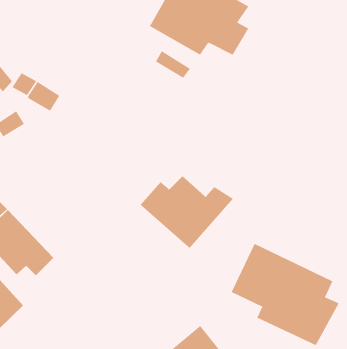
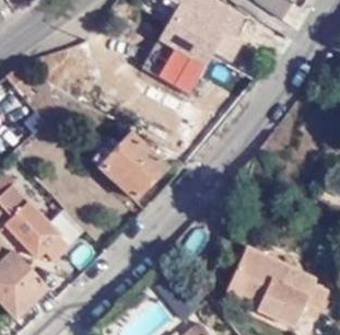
building: [140,176,234,249] -> [87,135,172,200]

